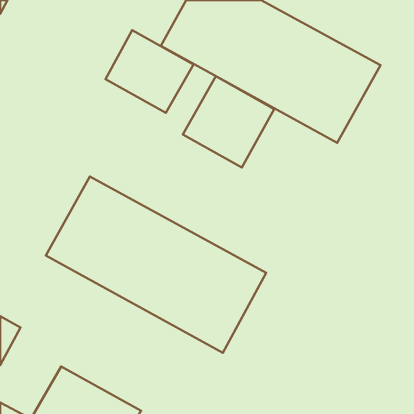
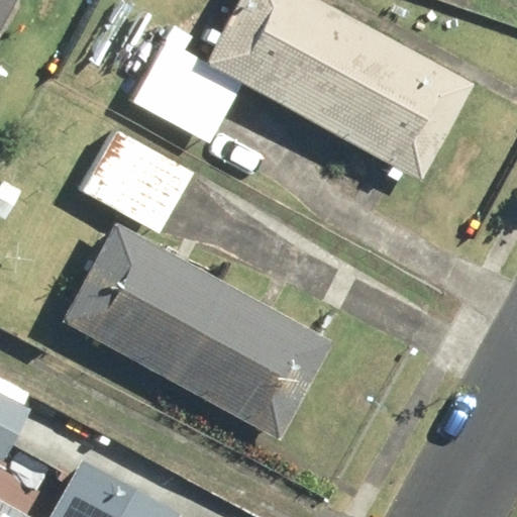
building: [183,76,274,168] -> none
building: none -> [83,130,193,234]

